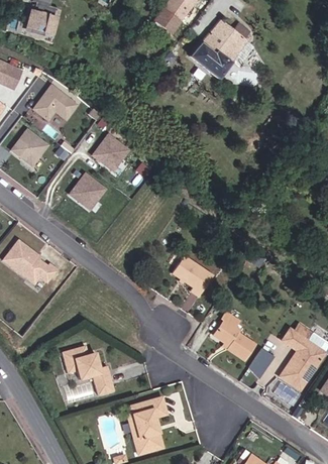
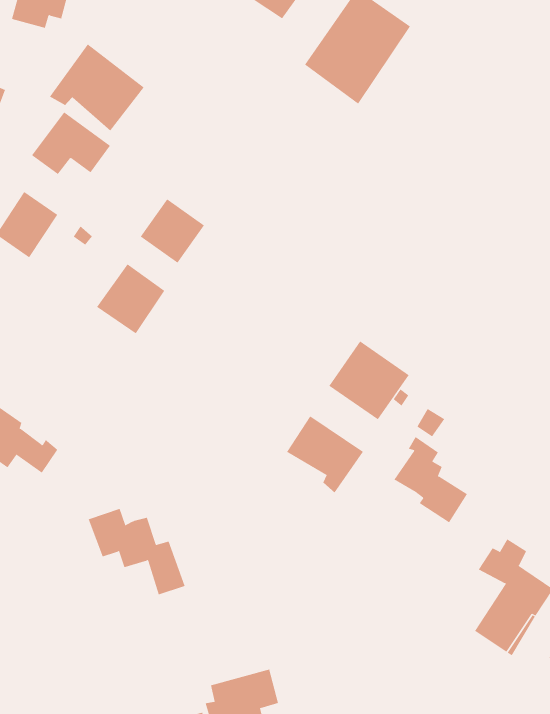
building: none -> [49,44,145,132]
building: none -> [329,341,409,420]
building: [213,310,254,358] -> [394,436,468,523]
building: [61,346,115,394] -> [88,508,185,595]
building: [249,347,275,376] -> none

